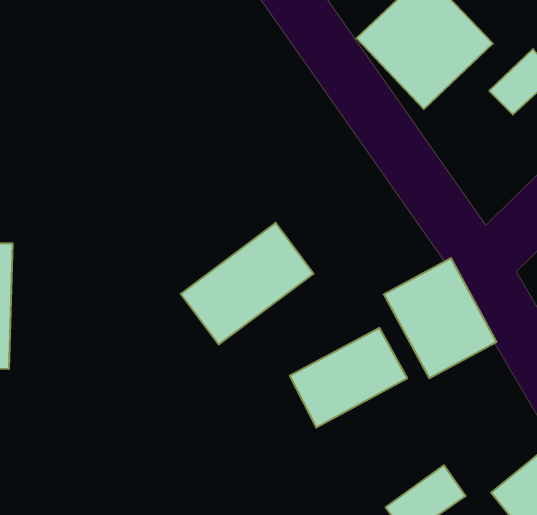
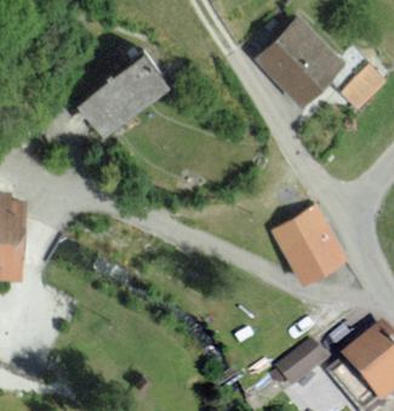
building: [181,223,314,345] -> [78,51,166,132]
building: [290,328,407,428] -> none

